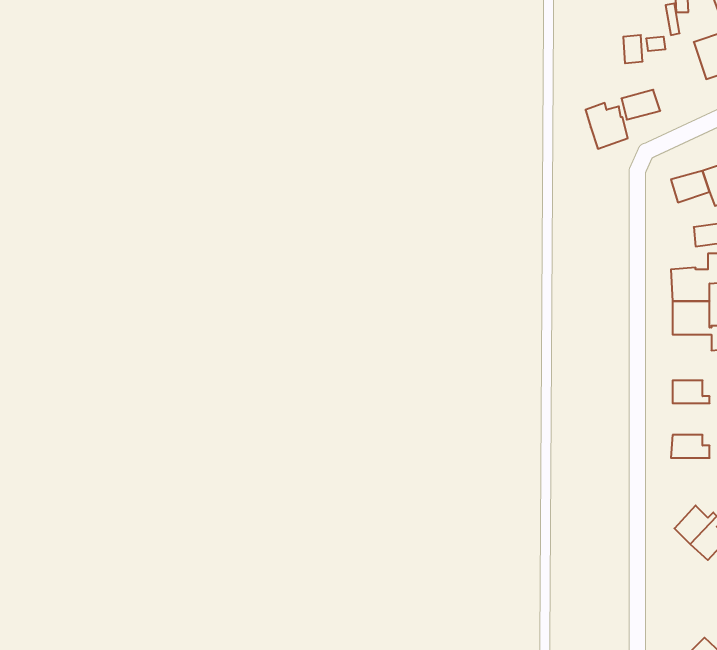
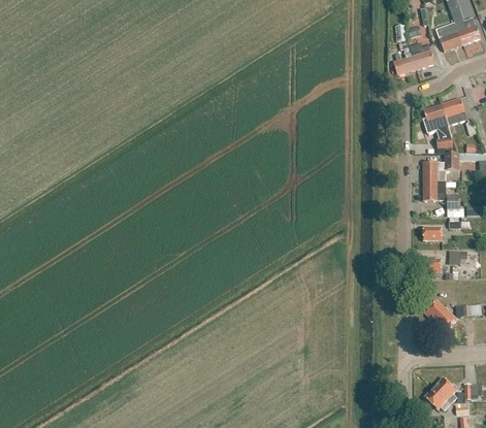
building: [585,103,628,149] -> [410,42,434,69]

